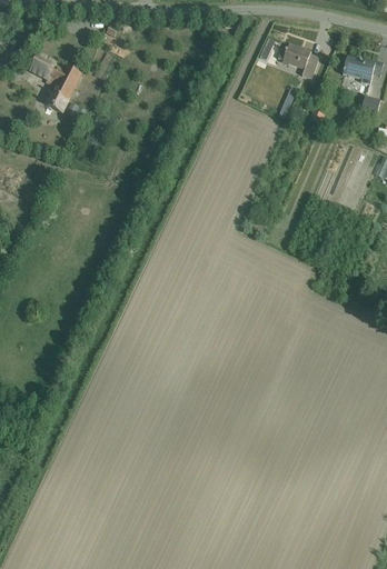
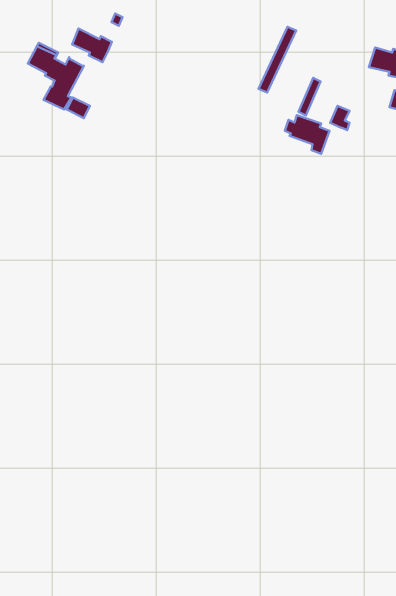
building: none -> [72,29,112,62]
building: [278,42,319,78] -> [285,115,330,154]

